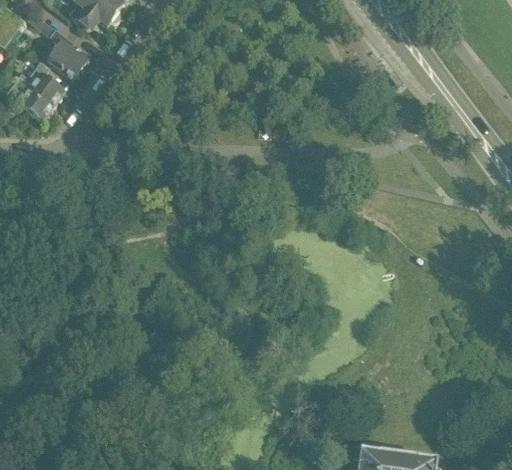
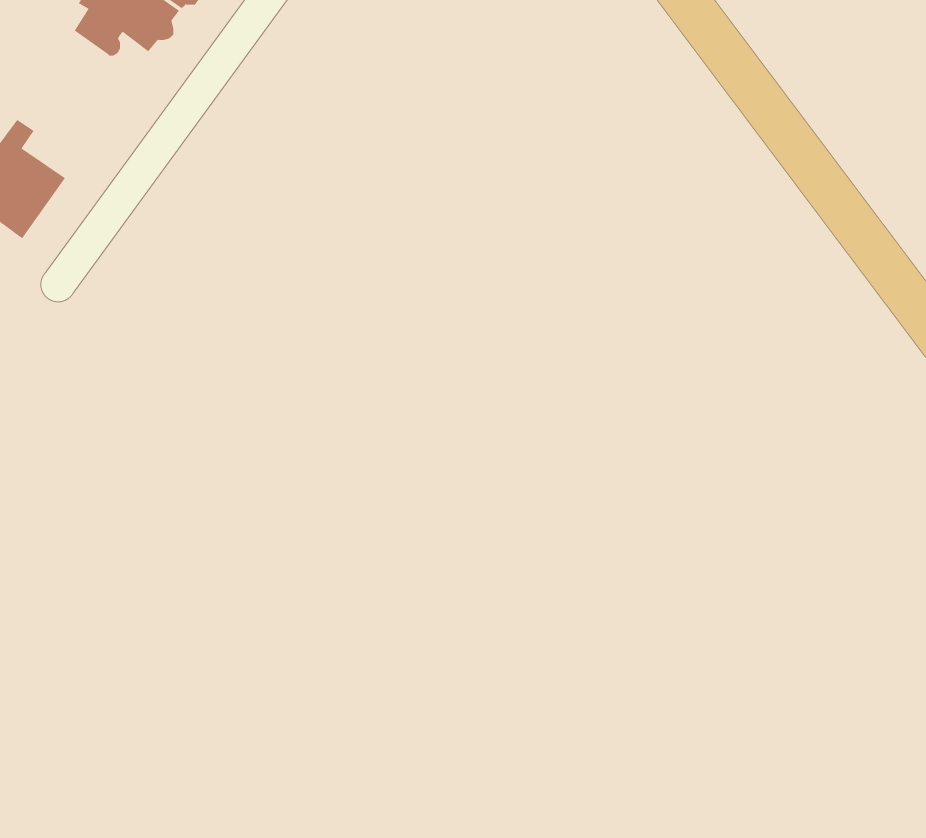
building: [36,18,88,80] -> none

